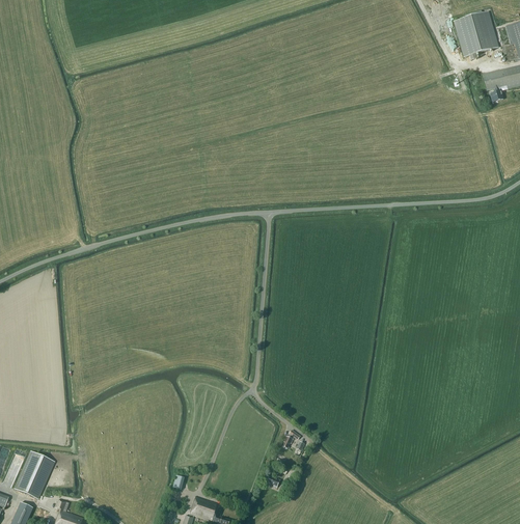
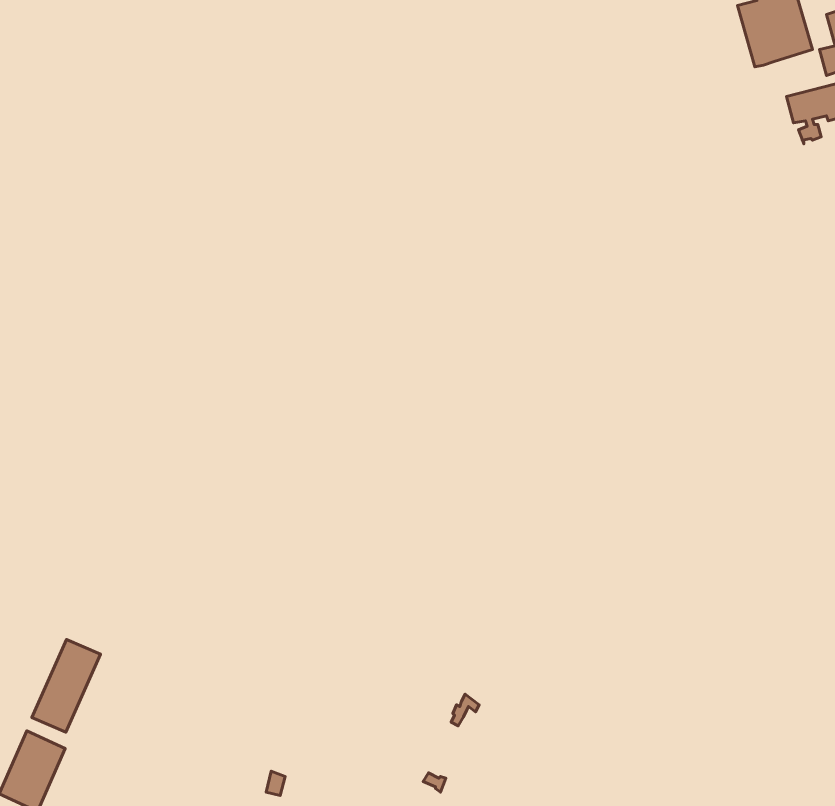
building: none -> [32,639,100,732]

